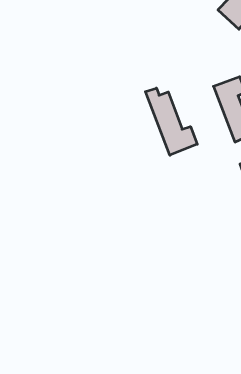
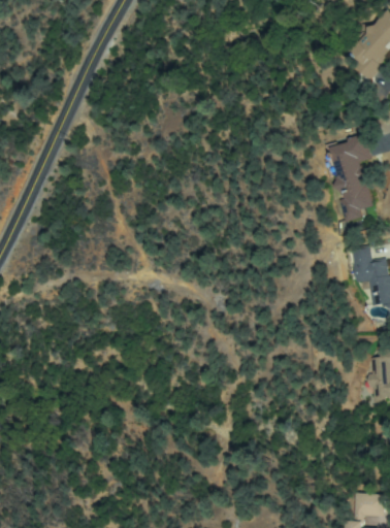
building: [145,88,197,155] -> none

